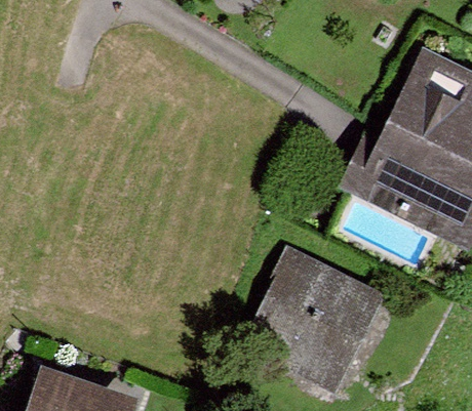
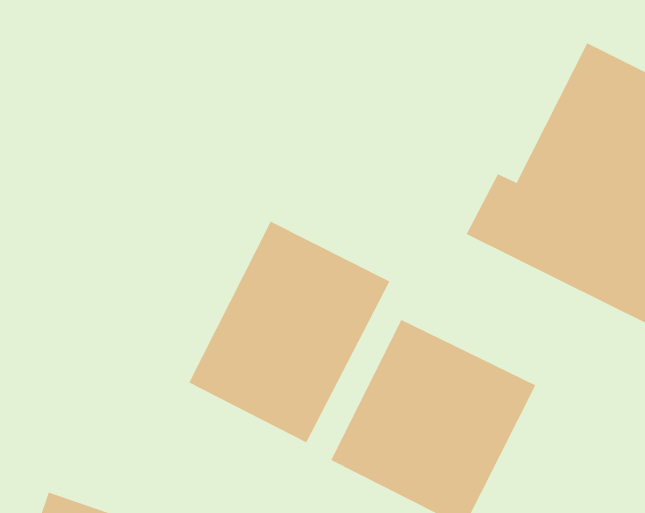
building: none -> [189,221,390,443]

